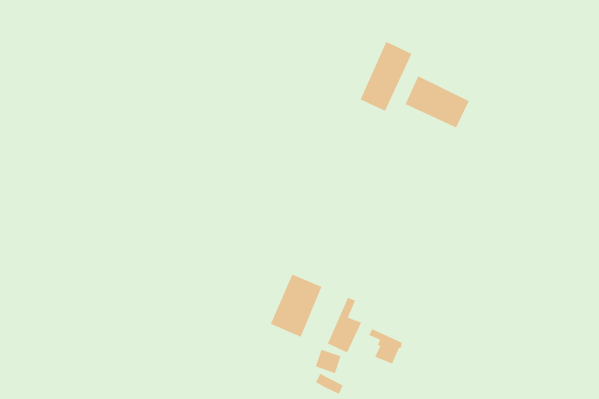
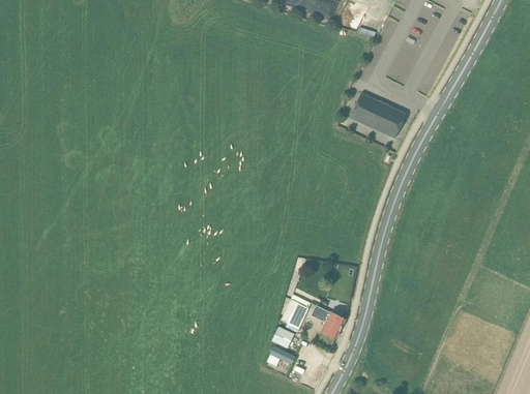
building: [359,41,413,112] -> none
building: [270,274,322,338] -> none

